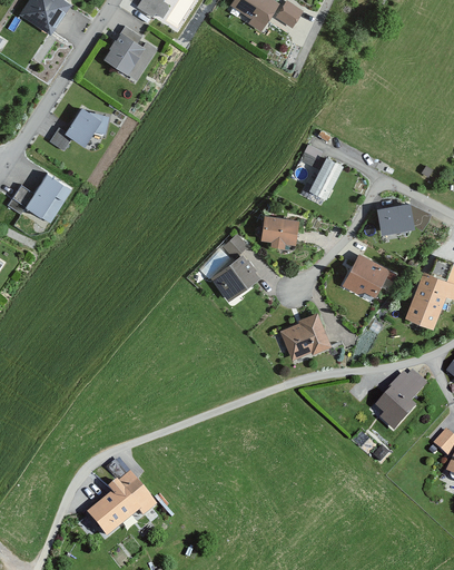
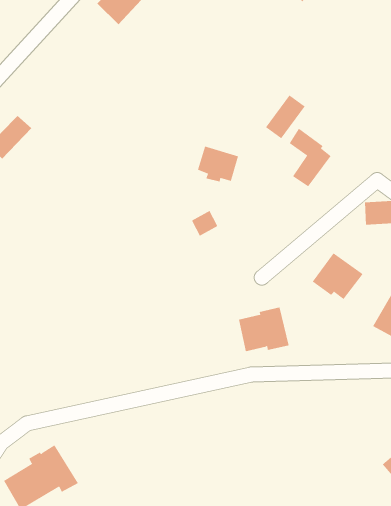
building: [49,107,109,150] -> none
building: none -> [265,94,306,139]
building: [261,216,298,247] -> [197,146,239,182]
building: [211,255,260,302] -> none
building: [375,371,428,431] -> none

